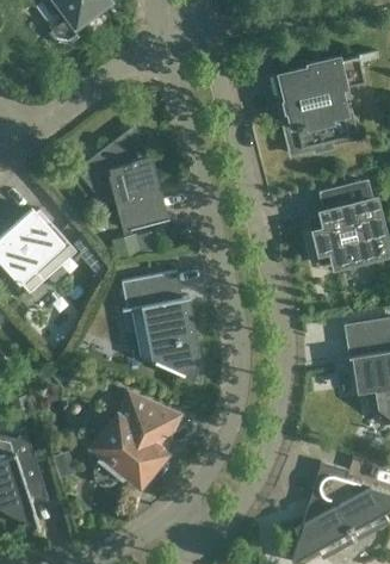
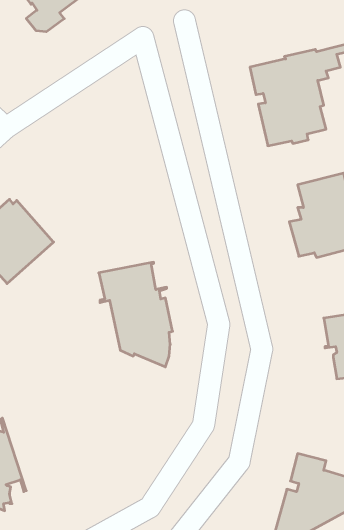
building: [76,132,169,229] -> none
building: [92,393,177,485] -> none

